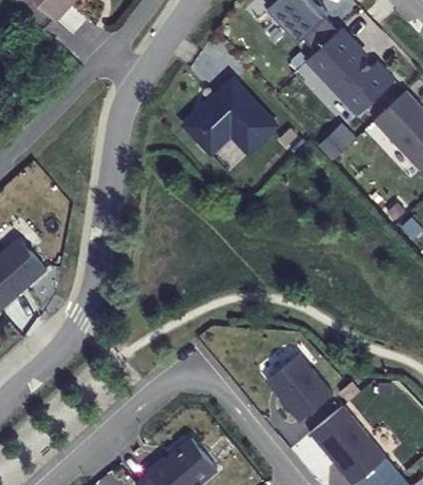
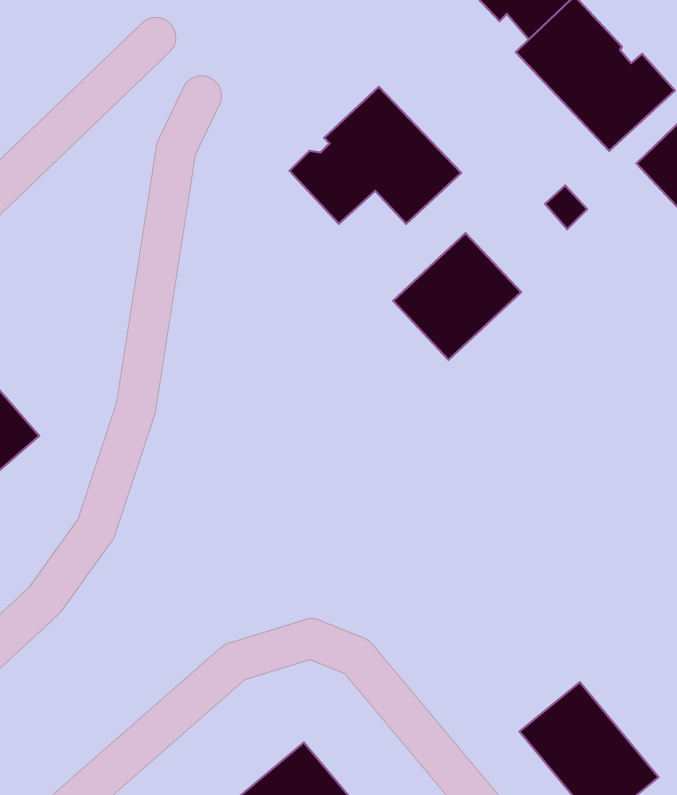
building: none -> [393,233,521,360]
building: [267,354,333,422] -> none

